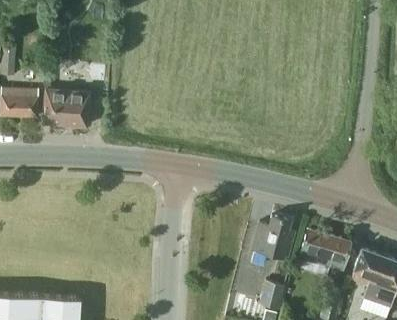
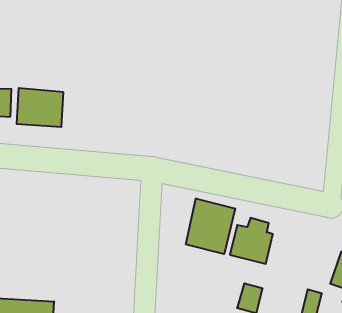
building: none -> [186,198,235,254]
building: [299,229,350,271] -> none

